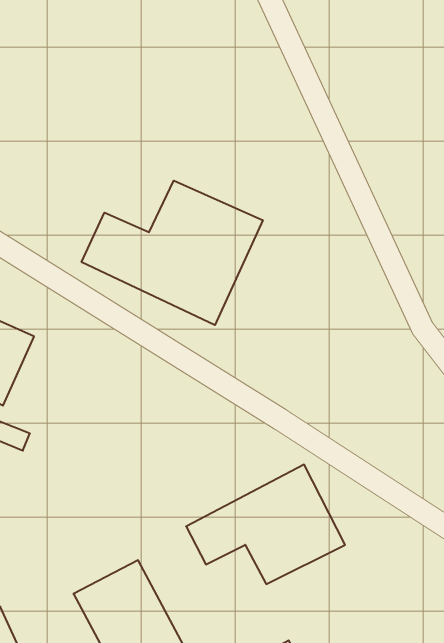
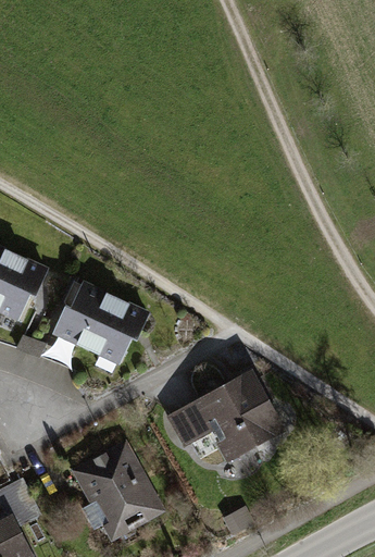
building: [82,181,263,325] -> none
building: none -> [49,275,147,366]

